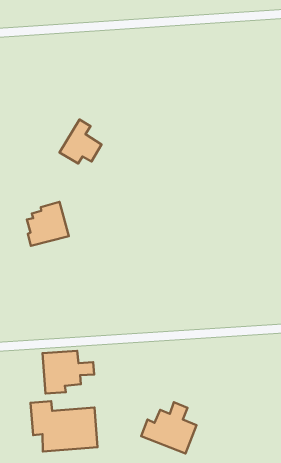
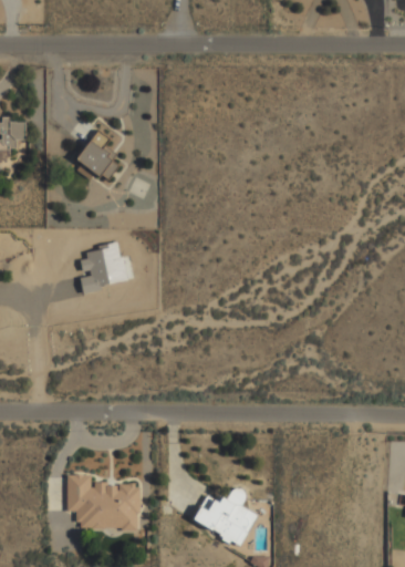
building: [59,120,101,163] -> [71,130,121,181]
building: [42,351,94,394] -> none

